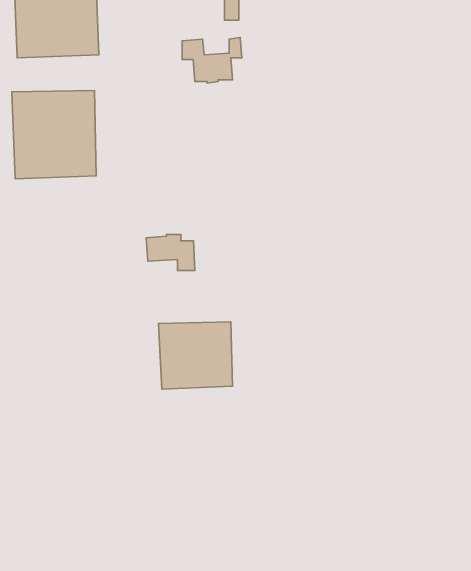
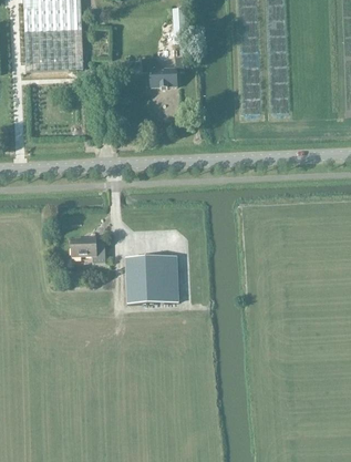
building: [12,91,96,179] -> none
building: [146,235,195,271] -> [70,237,104,263]

